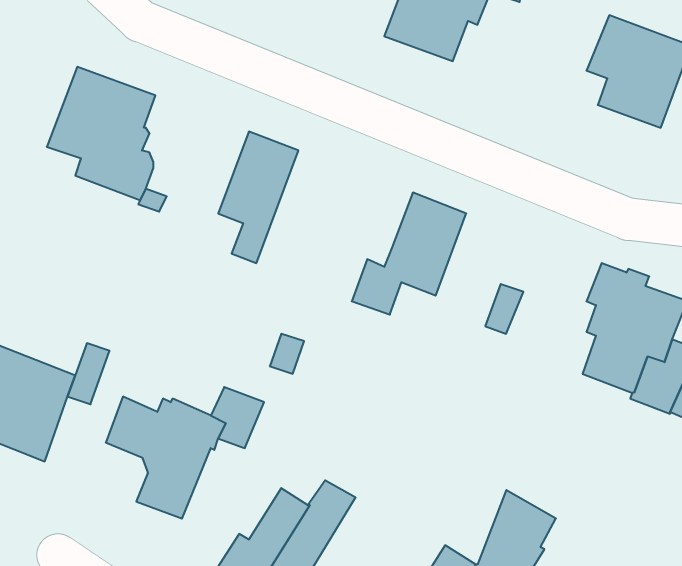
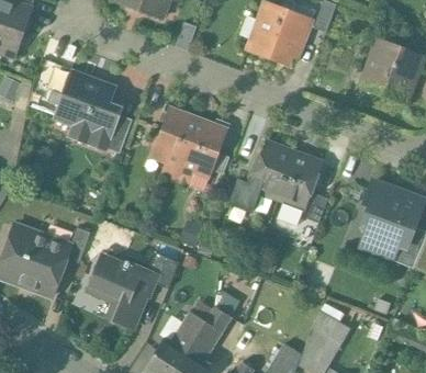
building: none -> [175,116,227,187]
building: none -> [277,152,322,224]

